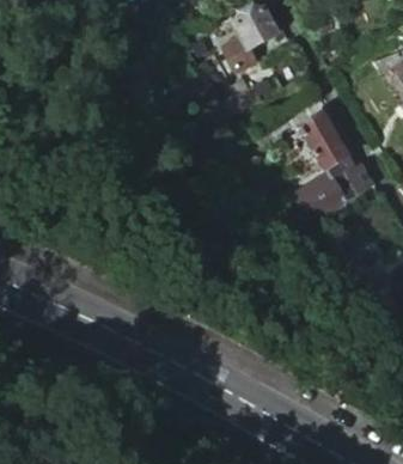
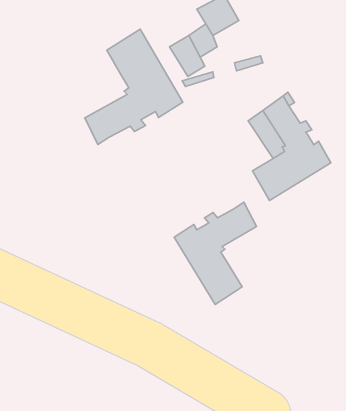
building: none -> [85,29,183,145]
building: none -> [174,202,256,305]

